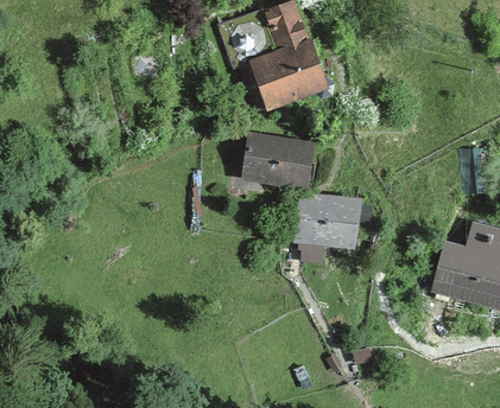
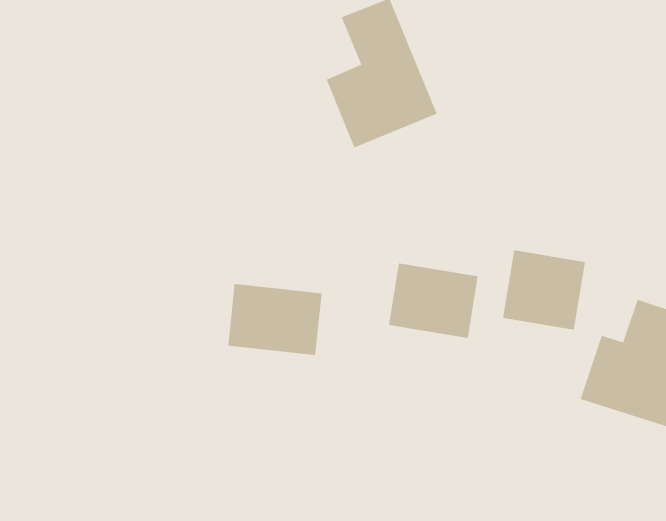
building: [242,133,311,185] -> [227,283,322,356]
building: none -> [503,250,585,330]

